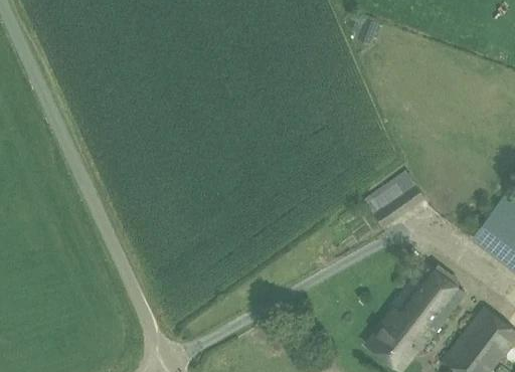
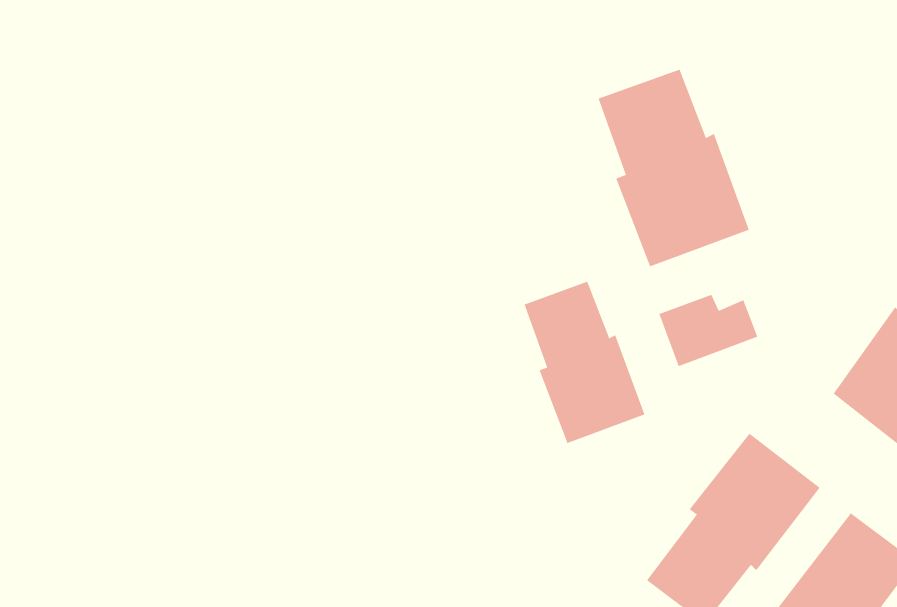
building: none -> [598,69,750,267]
building: none -> [524,281,645,444]

